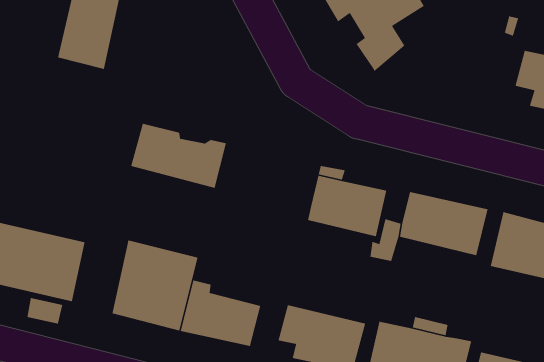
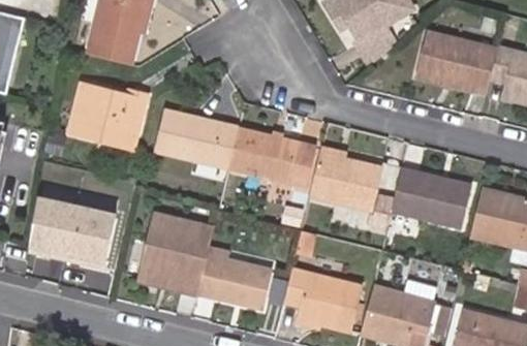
building: none -> [416,30,499,92]
building: none -> [71,85,145,143]
building: none -> [228,128,316,187]

